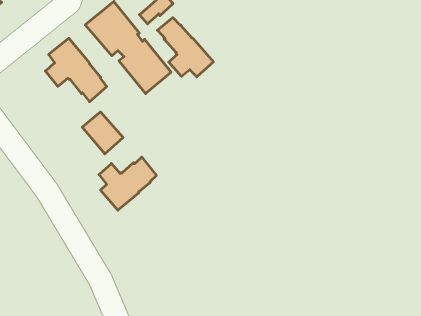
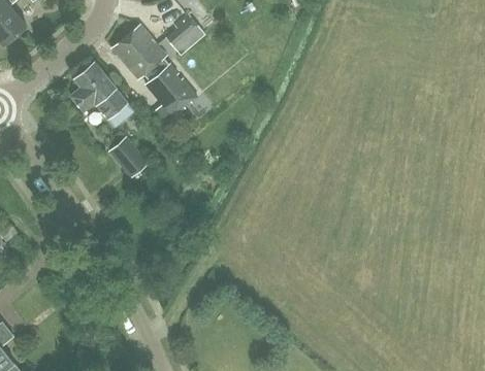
building: [157,18,213,77] -> none
building: [99,157,156,210] -> none

